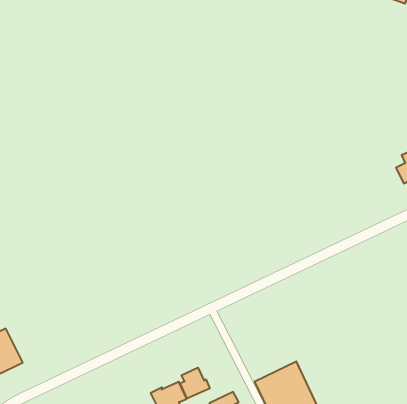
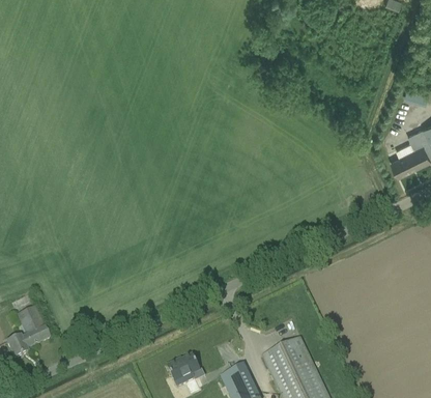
building: [180,368,210,398] -> none

